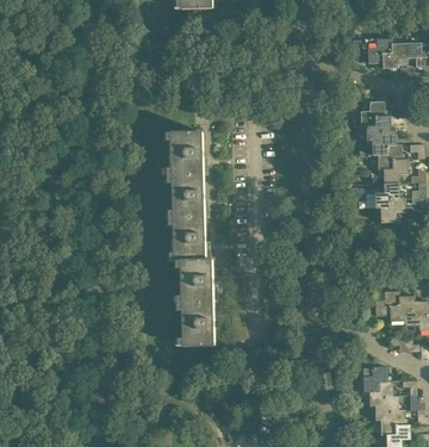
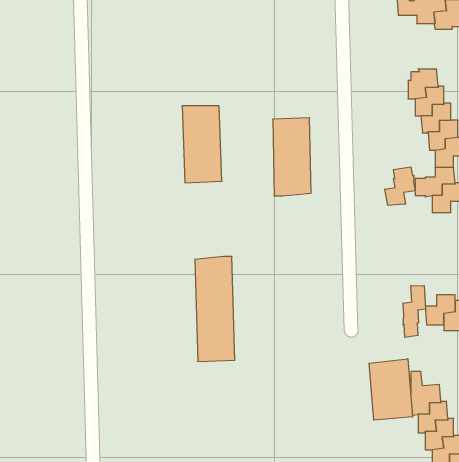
building: none -> [385,167,415,205]
building: [173,197,205,262] -> [273,118,311,196]
building: none -> [403,286,425,337]
building: none -> [369,359,413,420]

